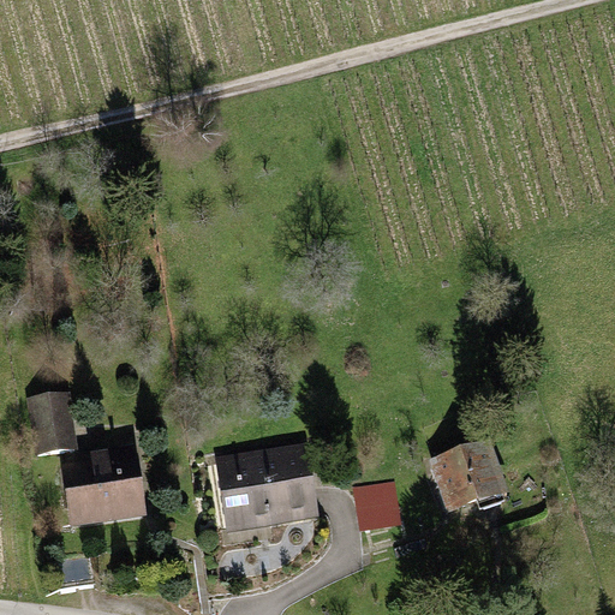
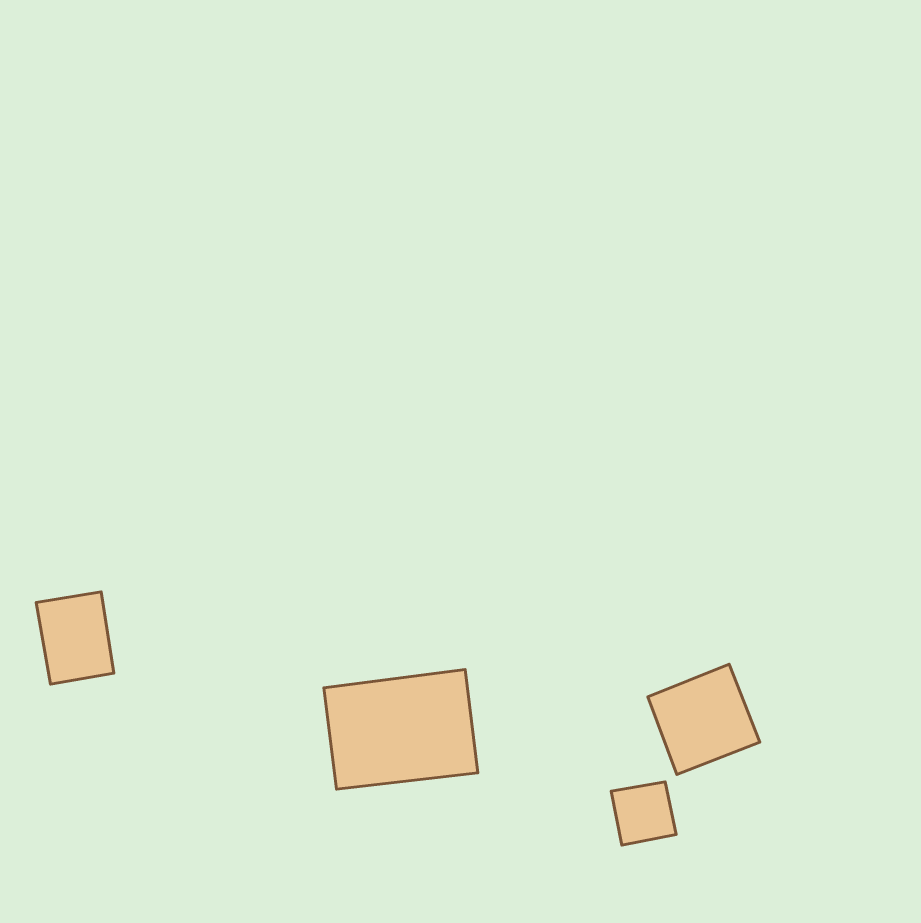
building: [62,456,145,527] -> none
building: [357,485,400,527] -> [611,782,676,845]

